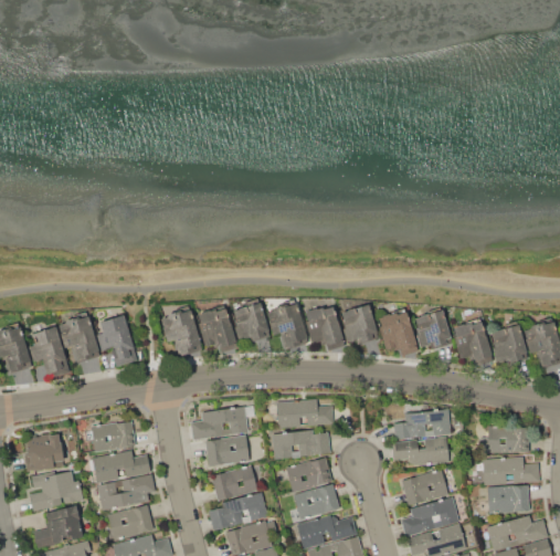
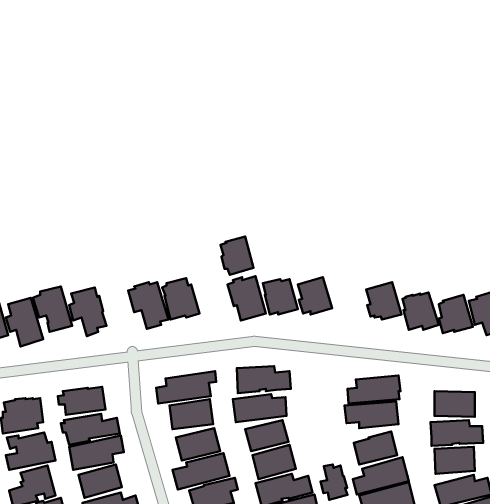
building: [233,302,268,343] -> [220,237,254,275]
building: [378,312,415,352] -> none
building: none -> [321,465,347,500]

